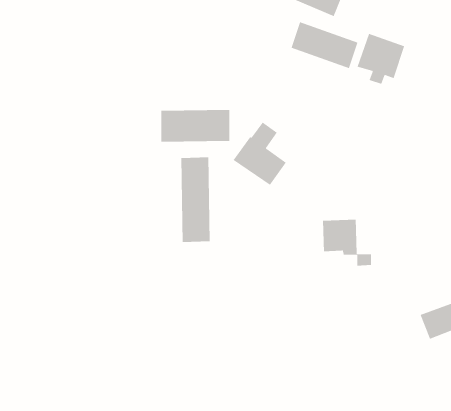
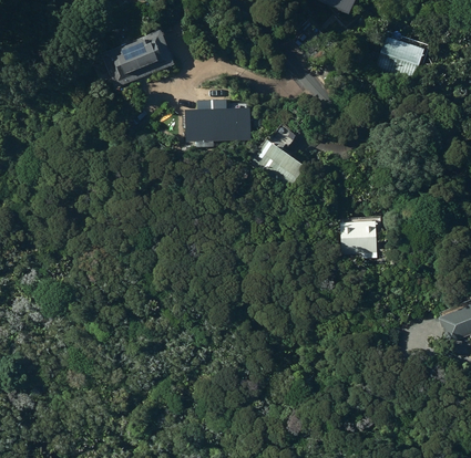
building: [291,21,358,69] -> none
building: none -> [101,27,175,86]
building: [180,156,211,243] -> none

